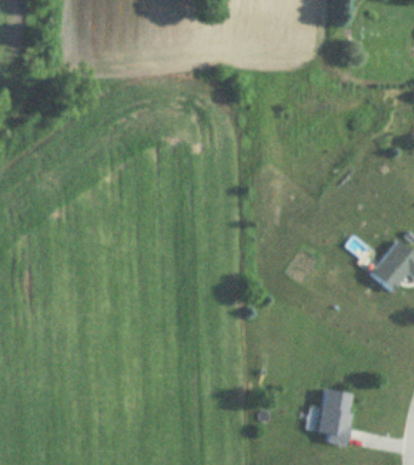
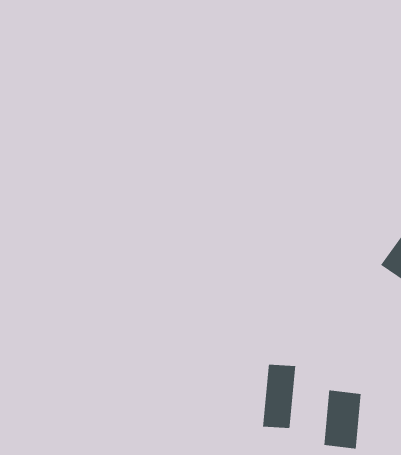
building: none -> [262,364,296,429]

